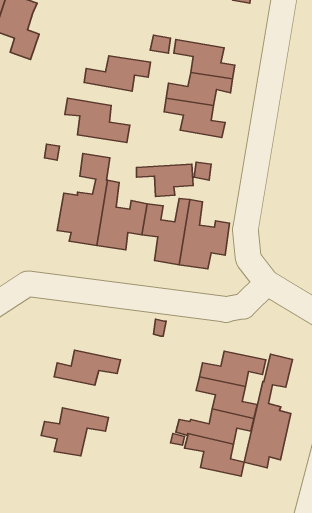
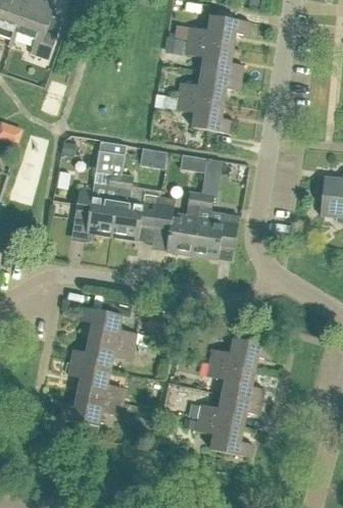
building: [84,56,150,91] -> [187,14,250,48]
building: [65,98,130,143] -> none
building: none -> [80,297,137,346]
building: [244,354,293,468] -> none
building: none -> [67,362,125,401]

